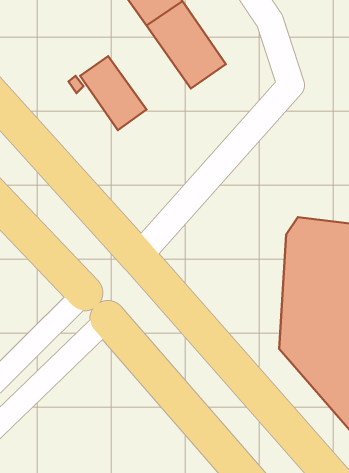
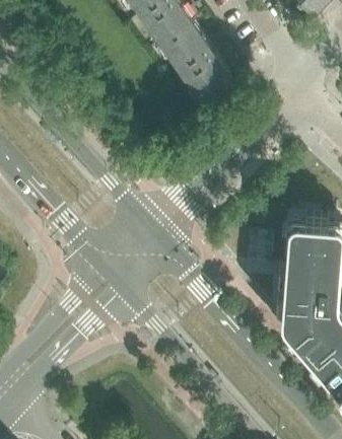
building: [80,56,146,130] -> none

